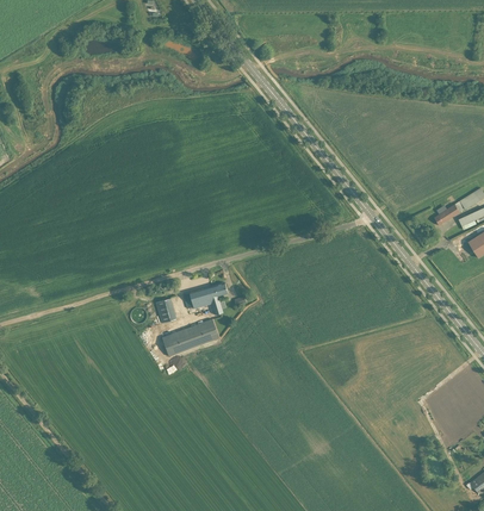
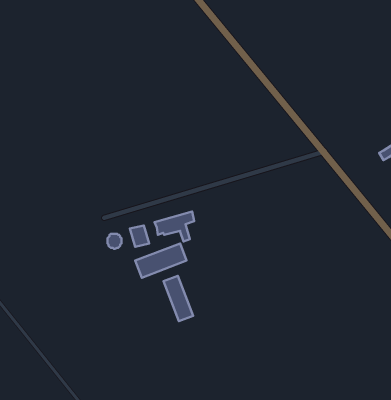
building: none -> [163,276,193,321]

